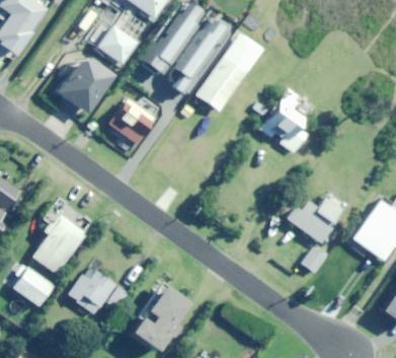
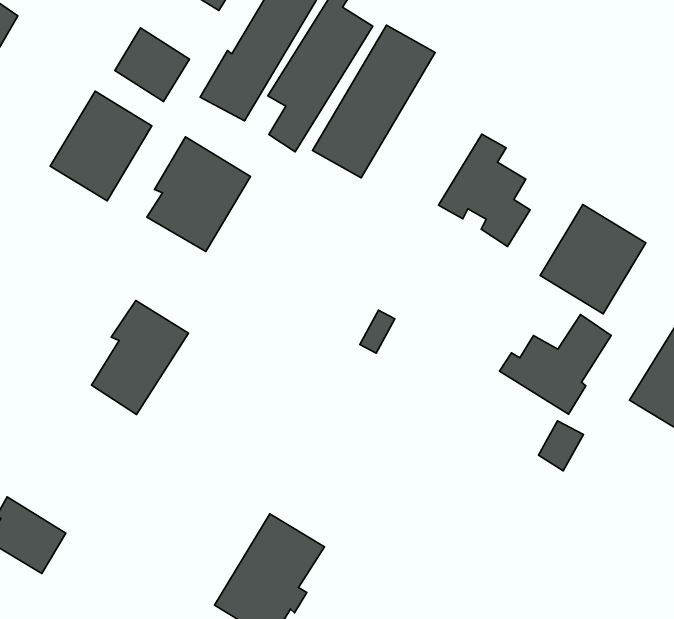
building: none -> [540,205,646,314]
building: [31,214,84,274] -> [92,300,188,415]
building: [67,271,126,313] -> none

